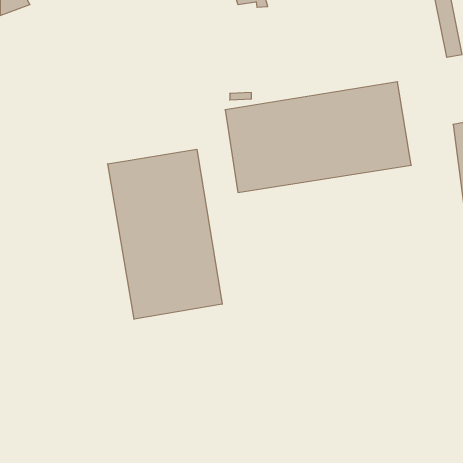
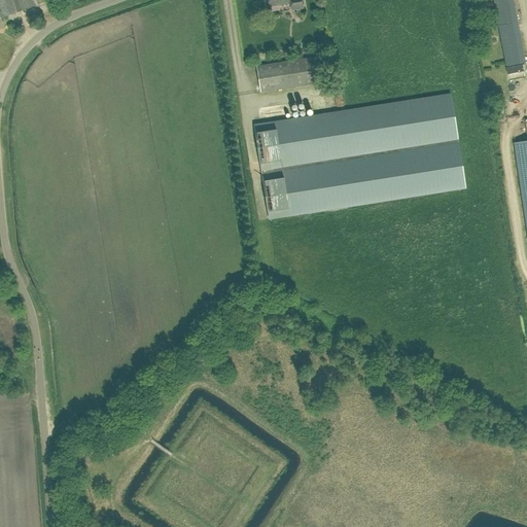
building: none -> [257,56,323,92]
building: [108,149,222,319] -> none

